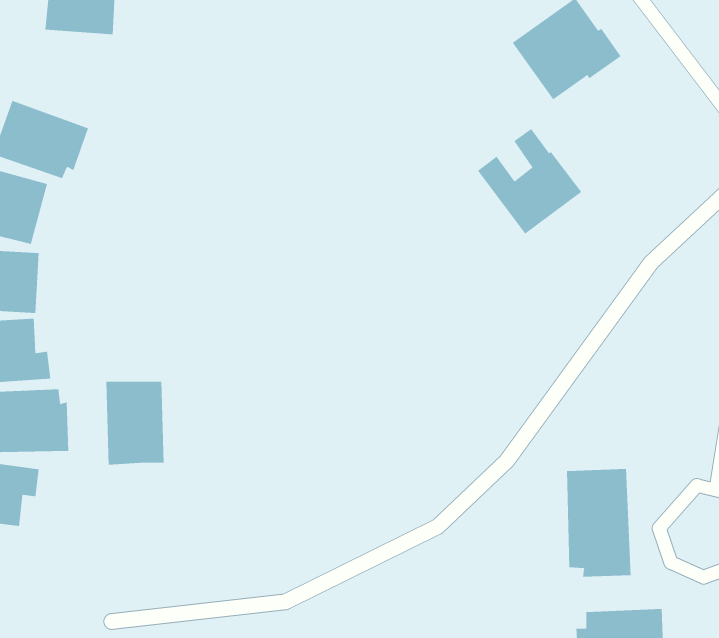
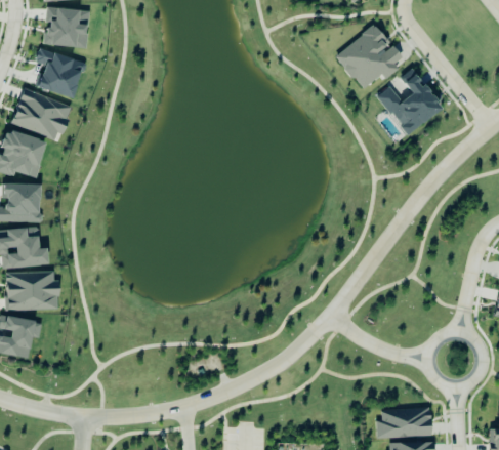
building: none -> [35,48,81,98]
building: [477,128,582,235] -> [378,69,444,135]
building: [106,381,164,465] -> none
building: [566,468,631,577] -> none

